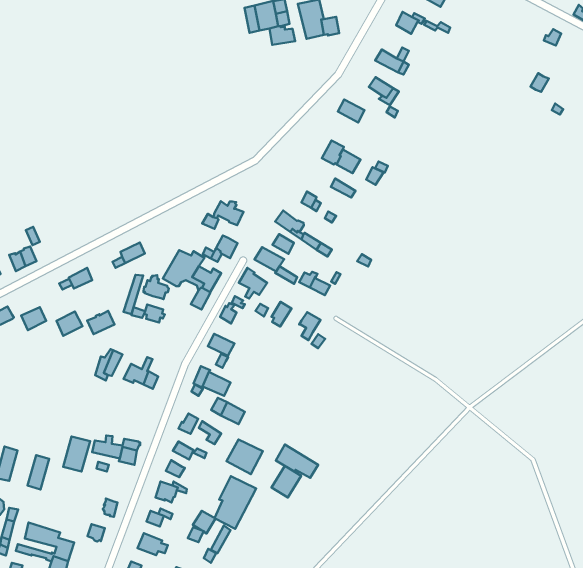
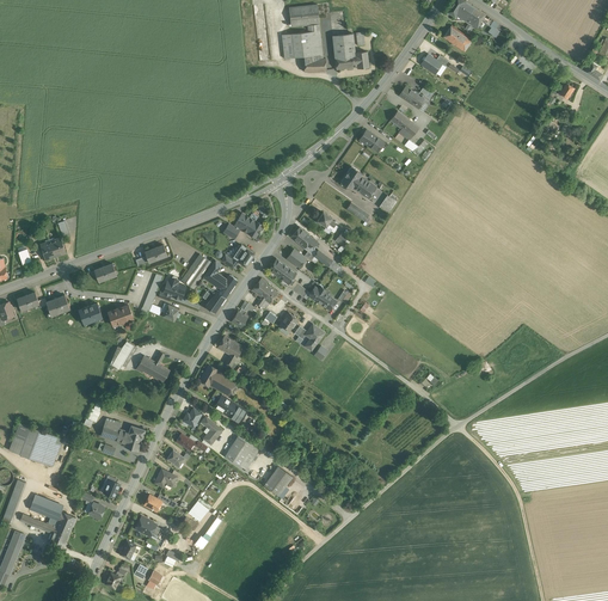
building: [63,437,90,472] -> [19,427,47,460]
building: [276,444,318,478] -> none
building: [215,476,256,529] -> none

